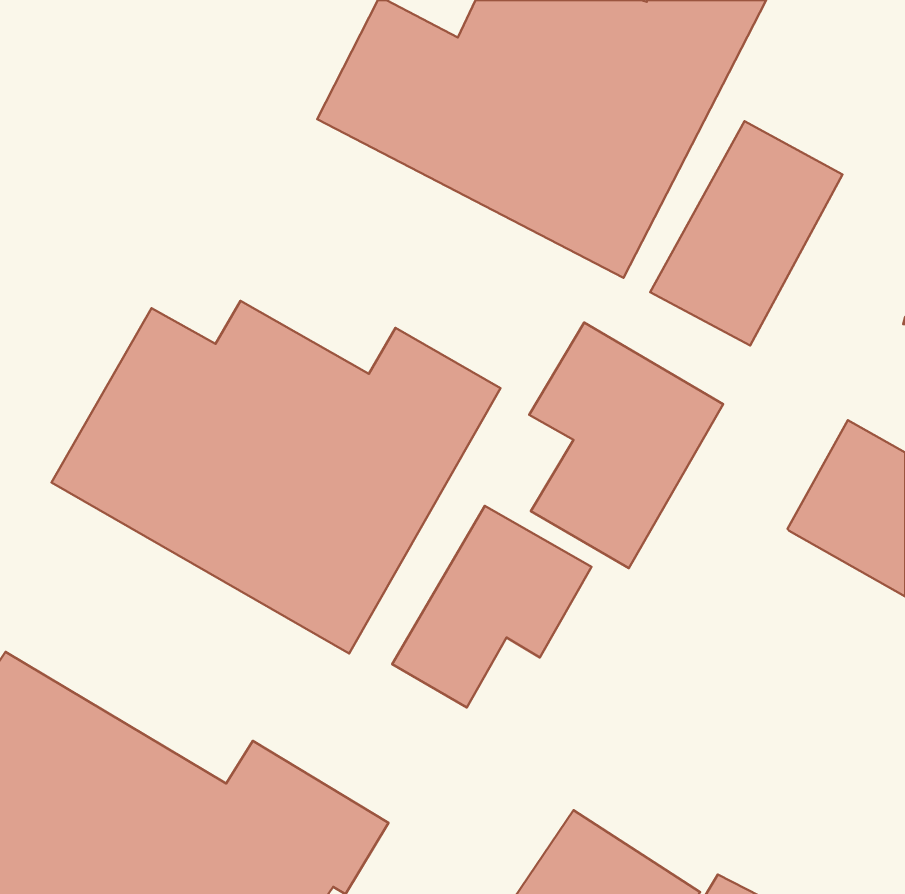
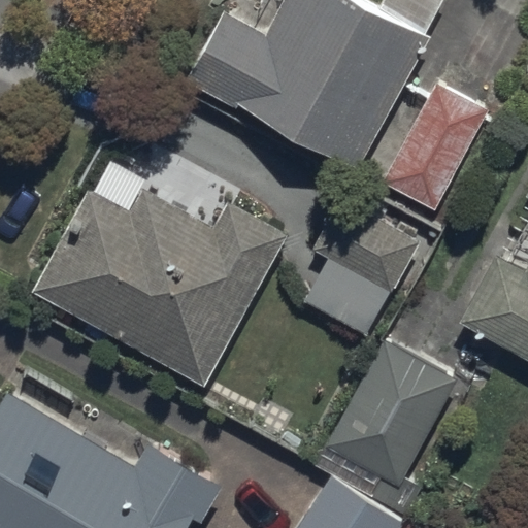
building: [392,506,592,708] -> none
building: none -> [329,344,459,522]

